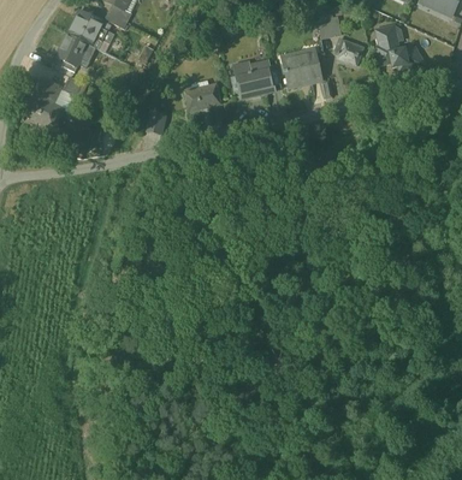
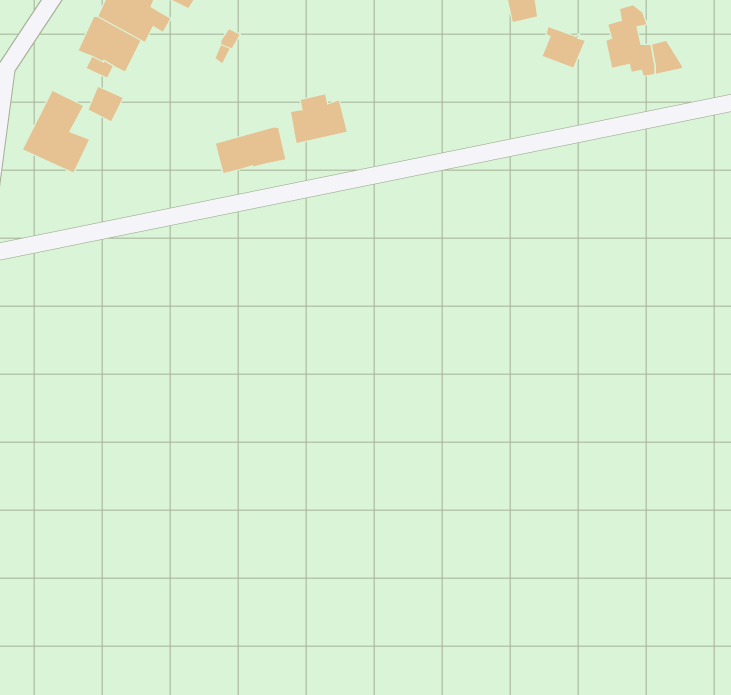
building: [282,52,320,88] -> none
building: [233,61,274,96] -> none
building: none -> [215,127,286,174]

